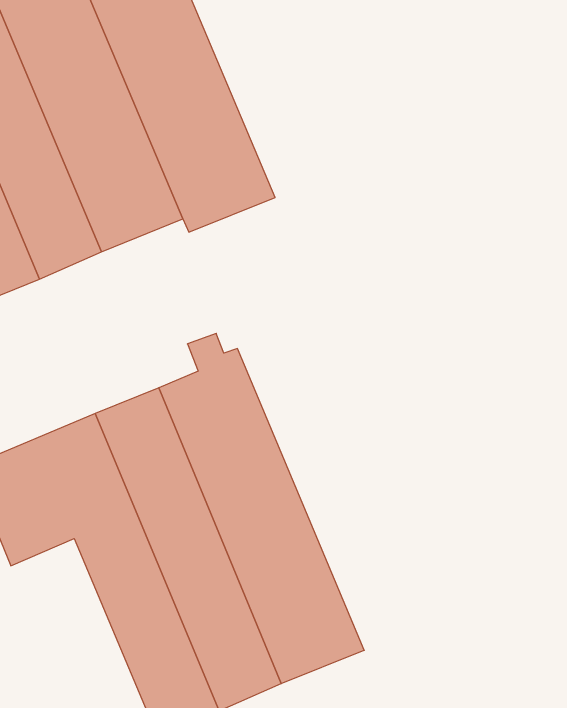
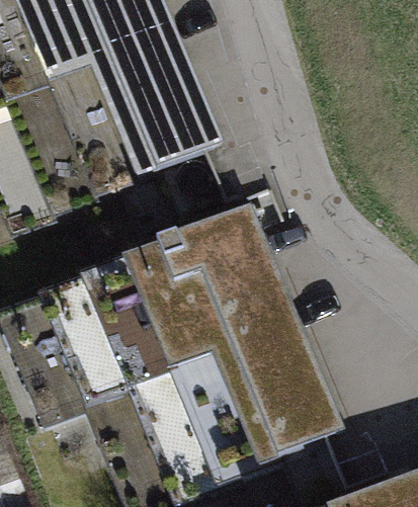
building: none -> [190,218,336,452]

